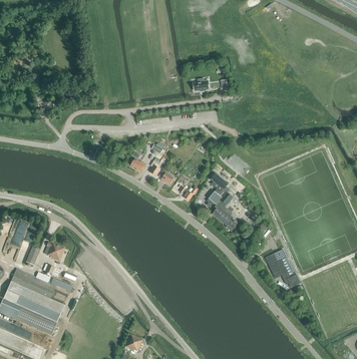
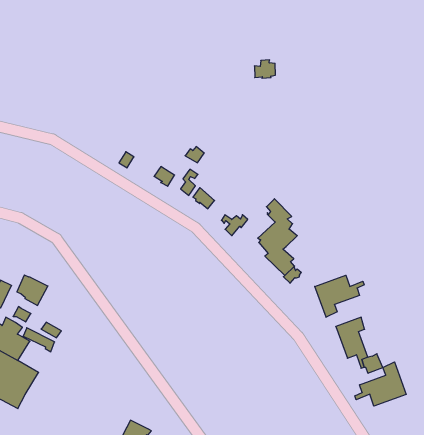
building: none -> [315,275,364,317]
building: none -> [355,362,406,406]

